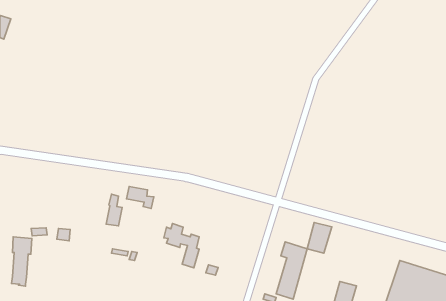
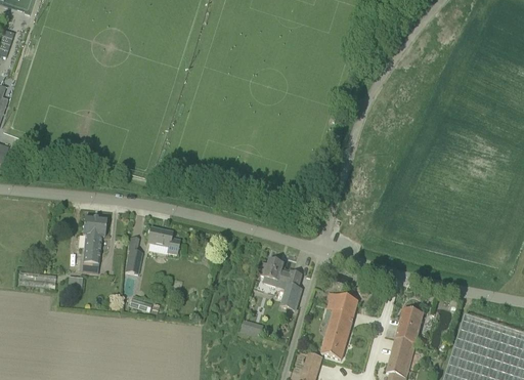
building: [307,222,332,253] -> [395,307,424,343]
building: [164,224,199,268] -> [260,258,301,309]
building: [12,237,32,286] -> [82,216,105,273]

